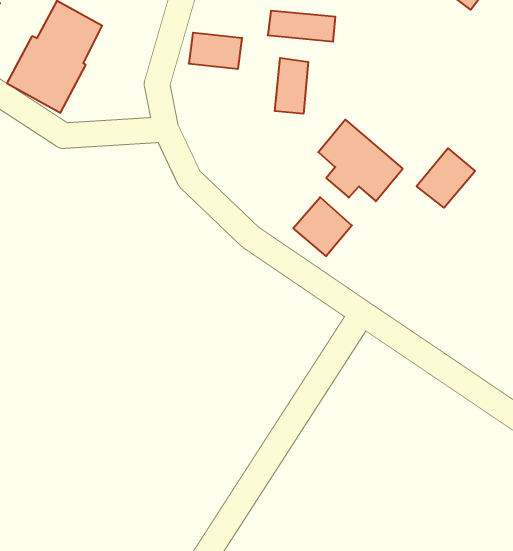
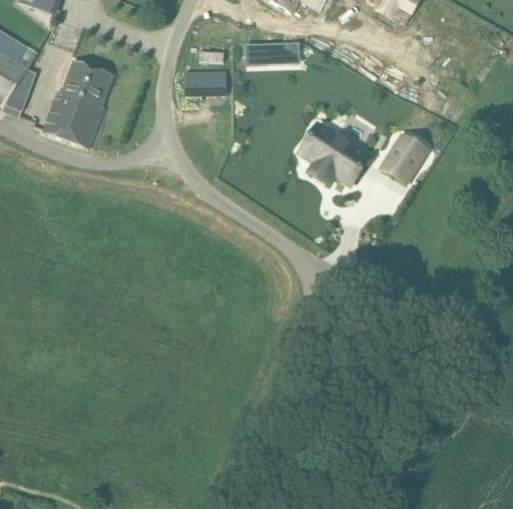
building: [275,58,308,114] -> none
building: [293,197,352,256] -> none

